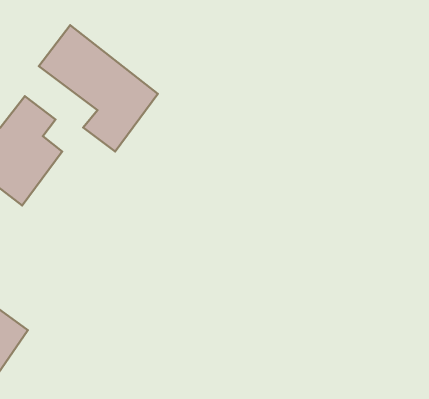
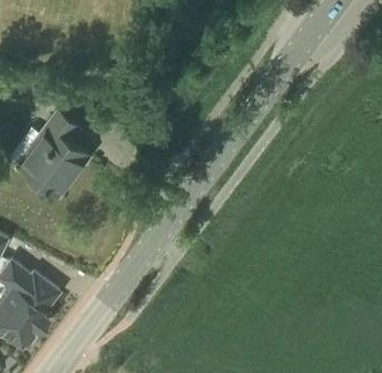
building: [39,25,158,151] -> none

